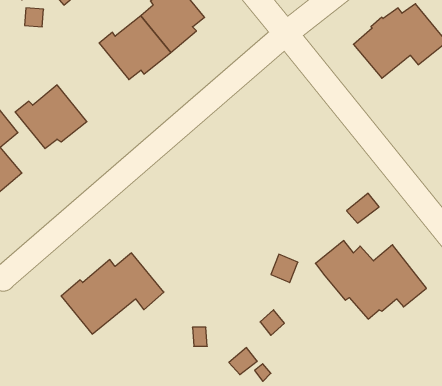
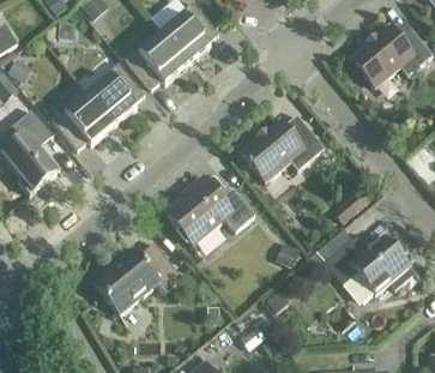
building: none -> [87,62,144,126]
building: none -> [241,114,325,182]
building: none -> [165,176,254,245]

